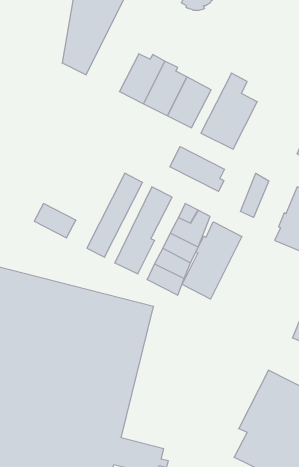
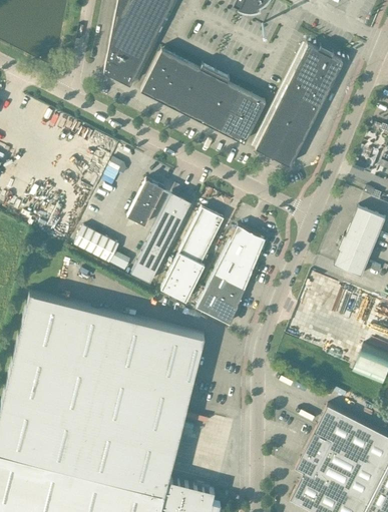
building: none -> [288,45,342,115]
building: none -> [140,50,187,104]
building: [170,147,224,191] -> none
building: none -> [127,180,164,227]
building: [240,173,269,217] -> none
building: [182,222,242,299] -> none

